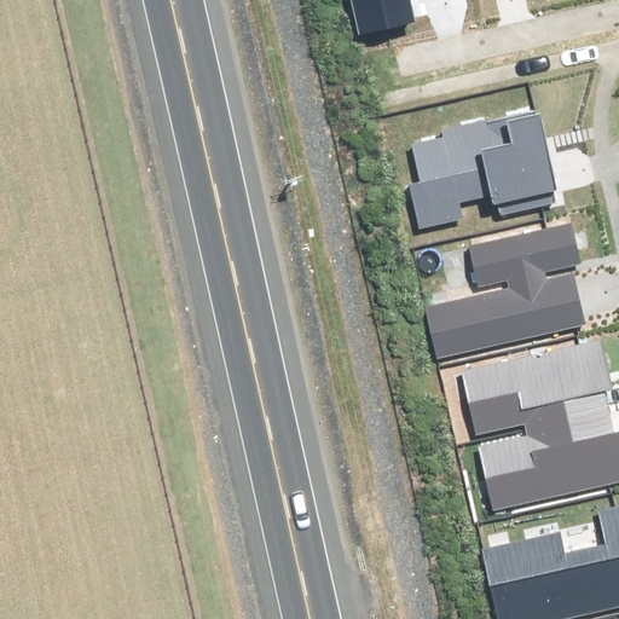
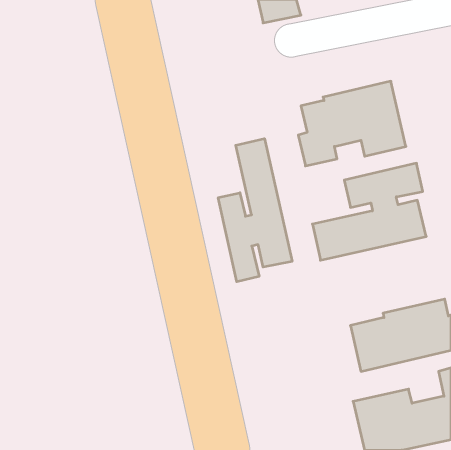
building: none -> [218,139,292,282]
building: [463,339,611,432] -> none

